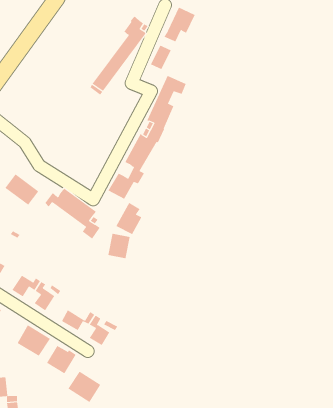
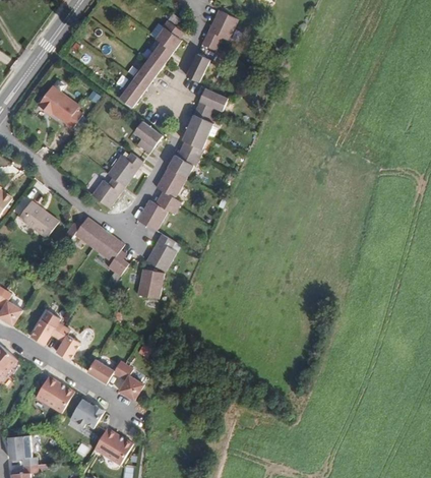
building: none -> [38,86,83,129]
building: none -> [134,121,163,154]
building: none -> [91,153,143,208]

